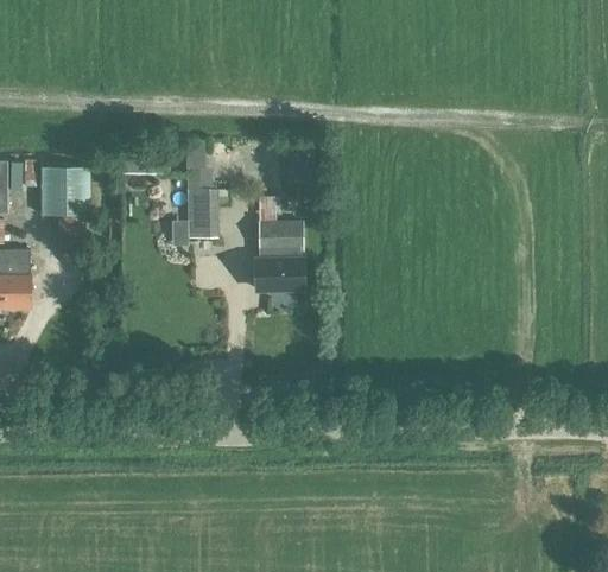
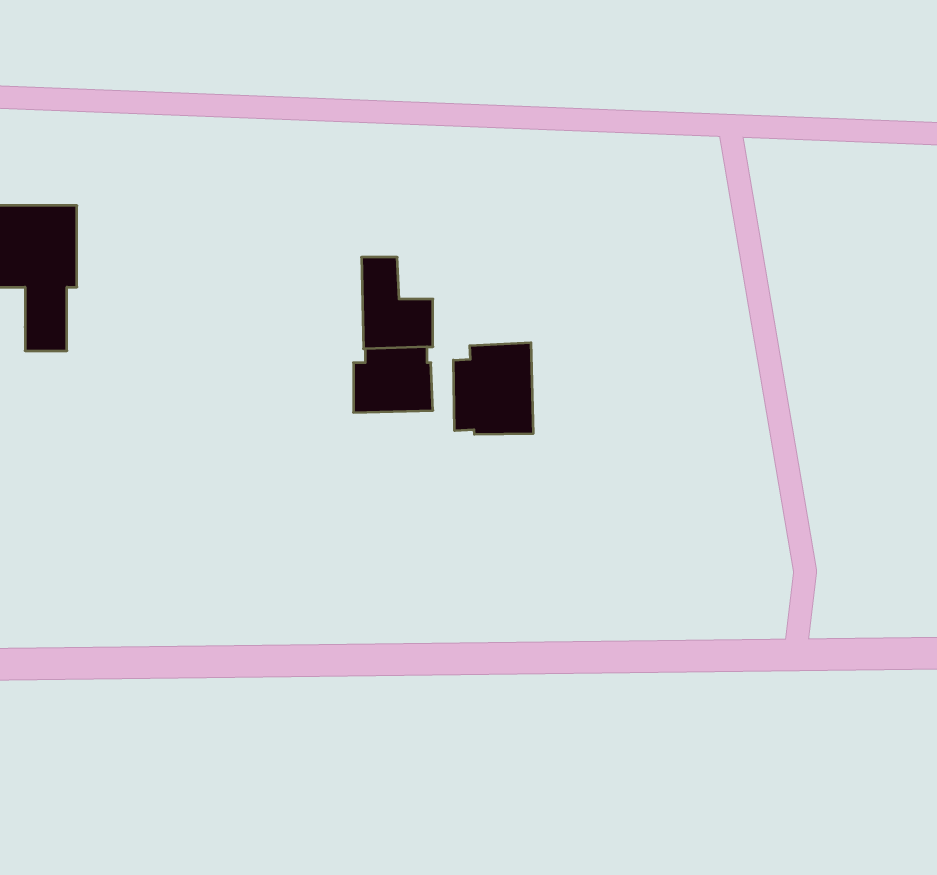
building: [190,167,217,239] -> none
building: none -> [453,343,533,434]

